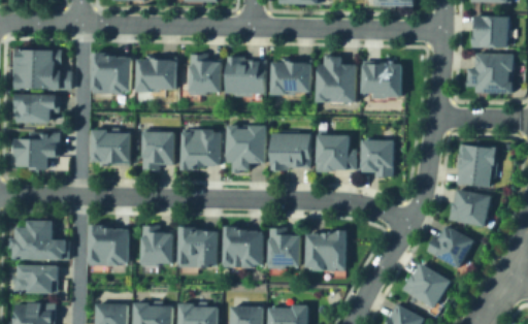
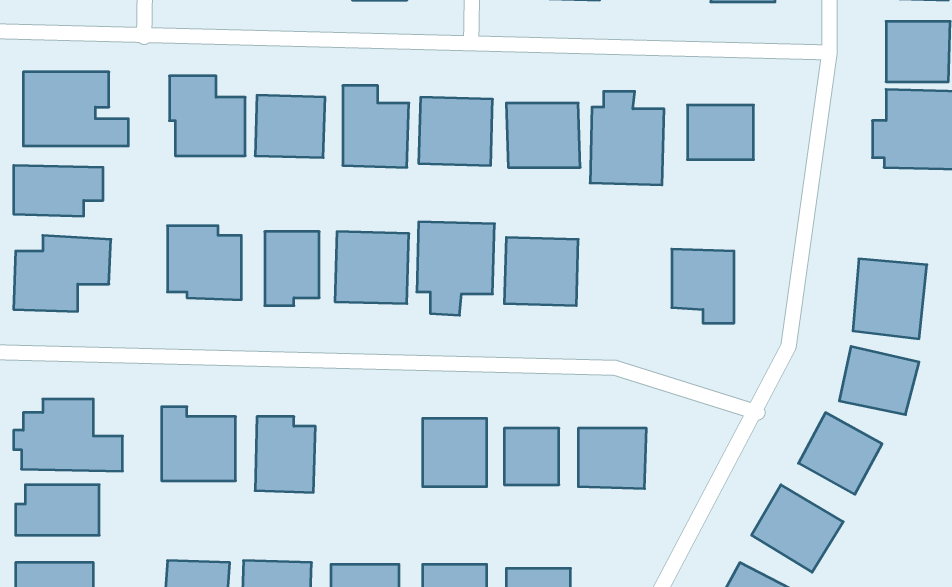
building: [314,134,356,171] -> none
building: [175,227,217,267] -> none

